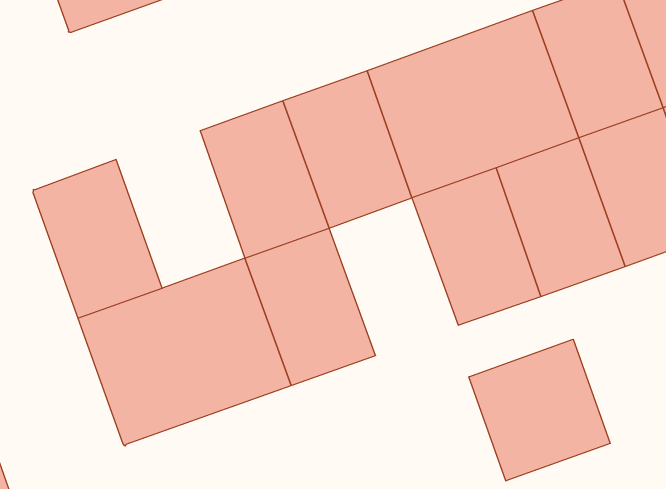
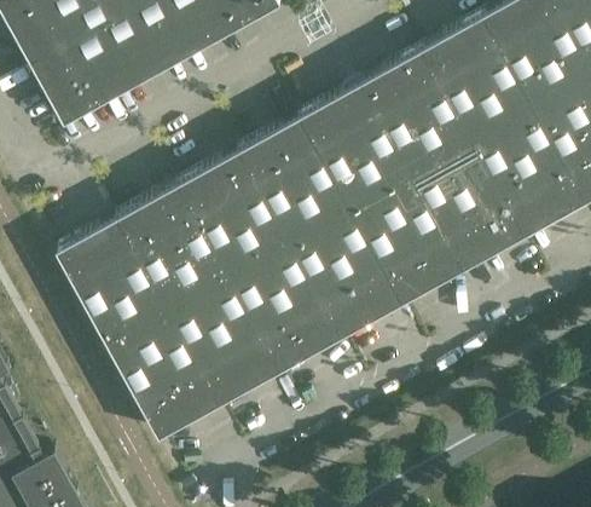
building: none -> [117,185,230,312]
building: none -> [291,211,404,338]
building: [469,339,610,481] -> none

